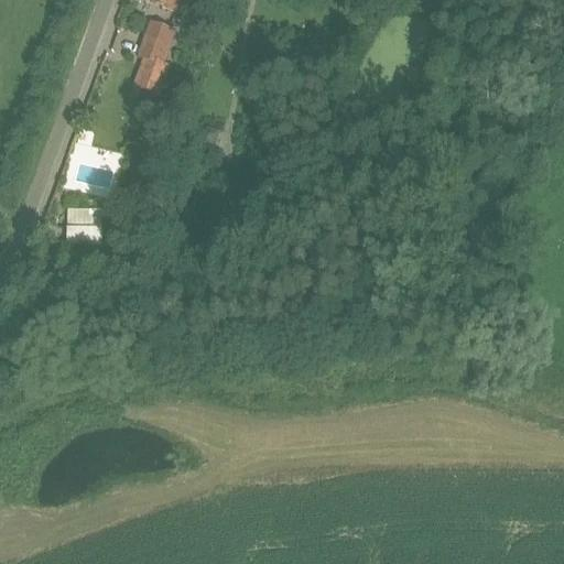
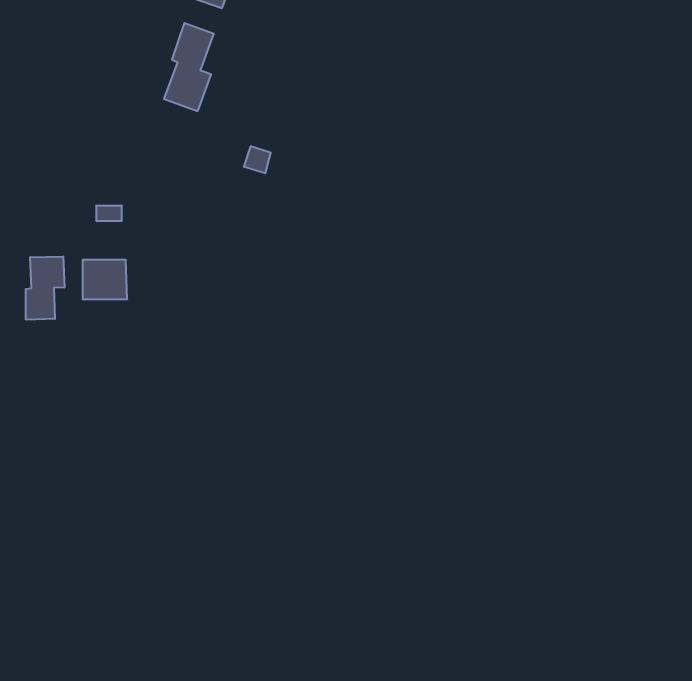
building: none -> [26,256,64,320]

